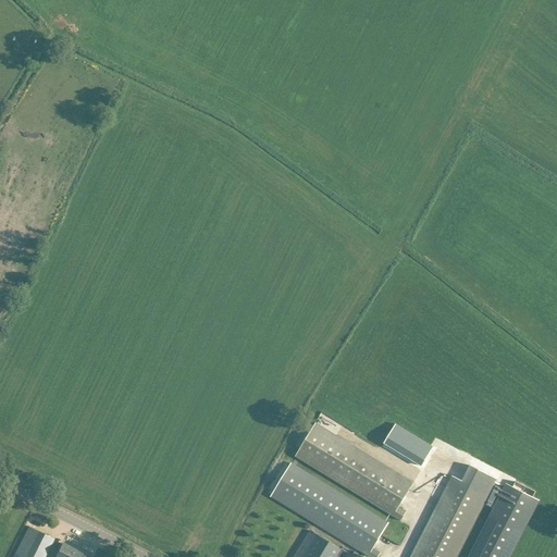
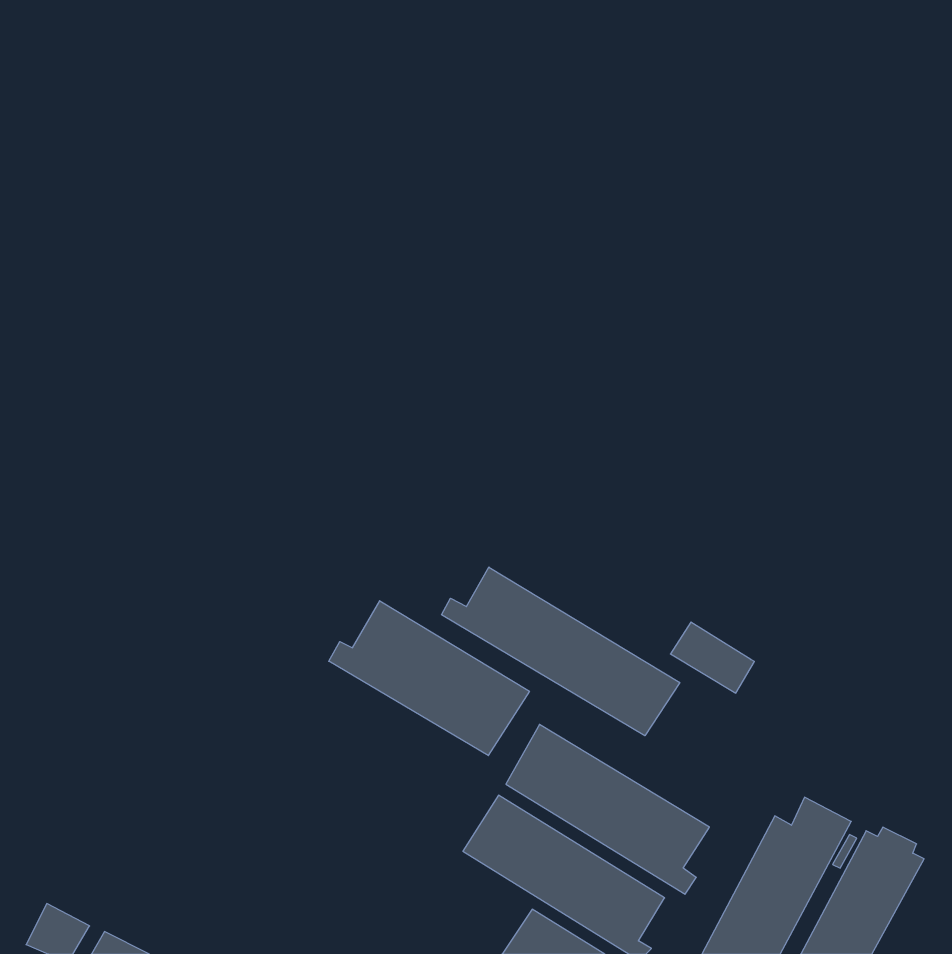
building: none -> [442,567,680,736]
building: none -> [329,601,529,756]
building: [383,424,432,466] -> [670,622,754,693]

